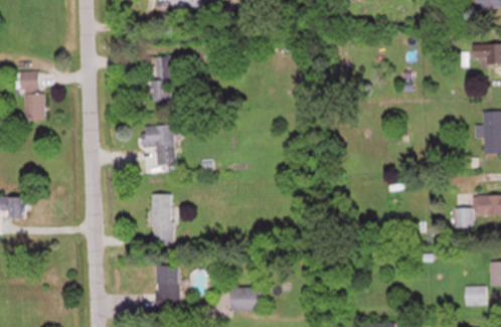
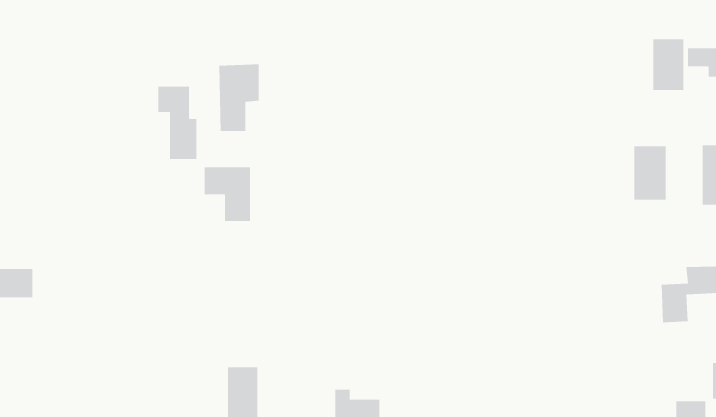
building: none -> [653,39,684,91]
building: [16,71,43,122] -> [157,86,197,160]
building: none -> [634,145,666,201]
building: [150,193,171,244] -> none

